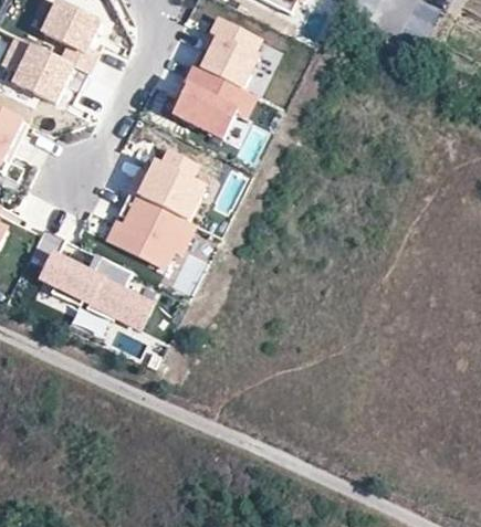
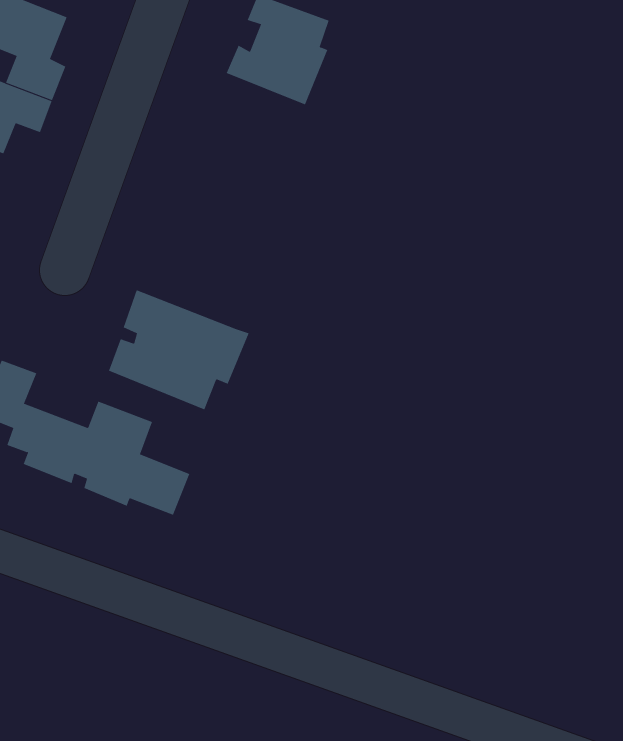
building: [171,64,253,137] -> none
building: [127,150,202,219] -> none

